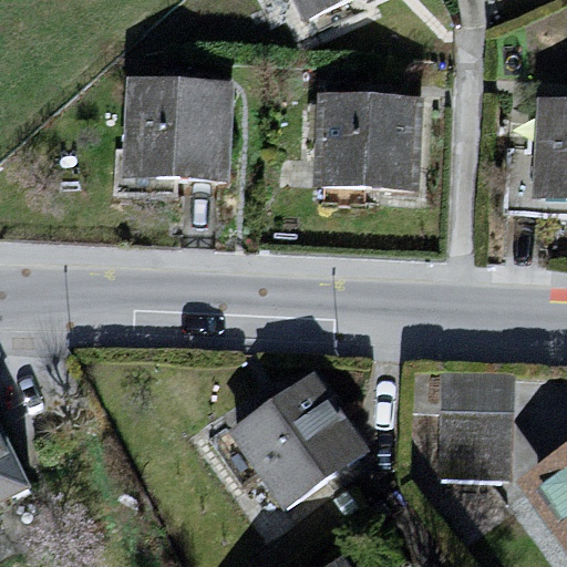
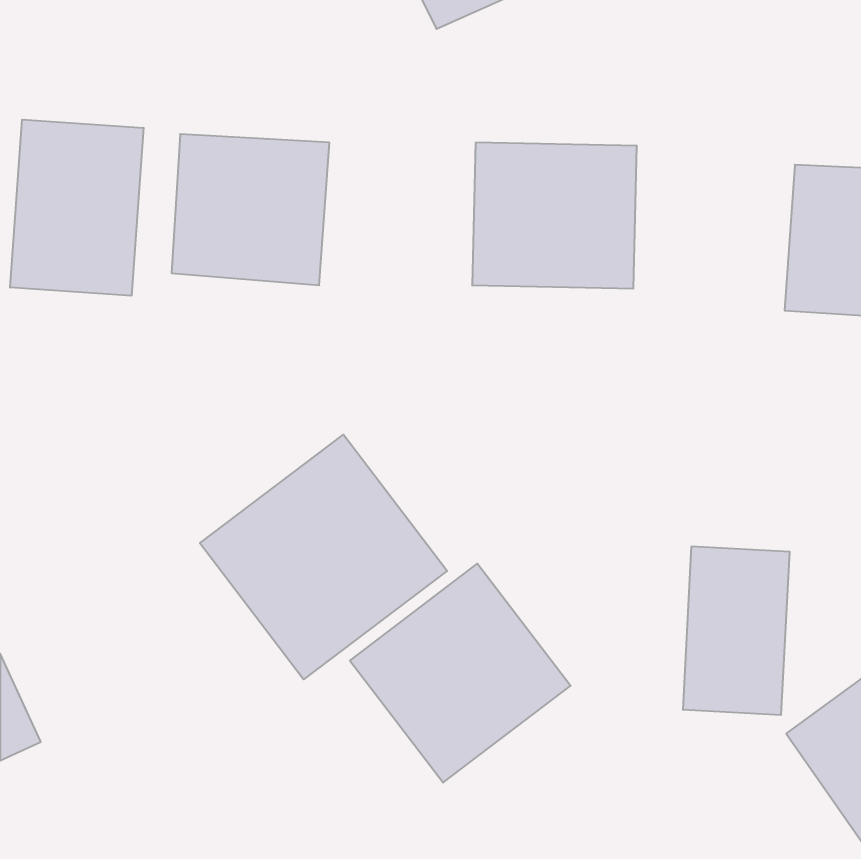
building: none -> [10,120,144,296]
building: none -> [200,435,447,679]

